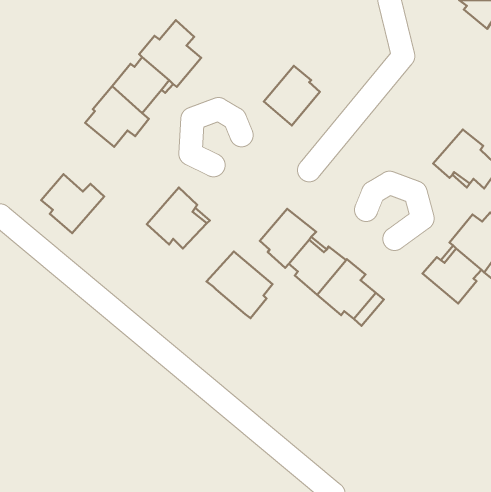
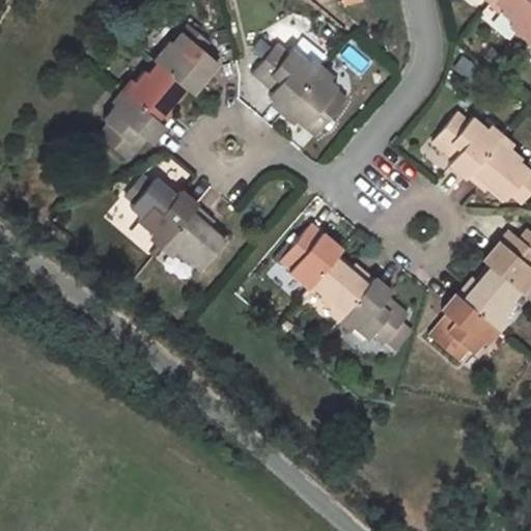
building: none -> [254,46,318,111]
building: none -> [435,112,500,178]
building: [41,174,104,233] -> [128,179,195,243]
building: [207,251,272,318] -> none
building: none -> [432,295,495,361]

